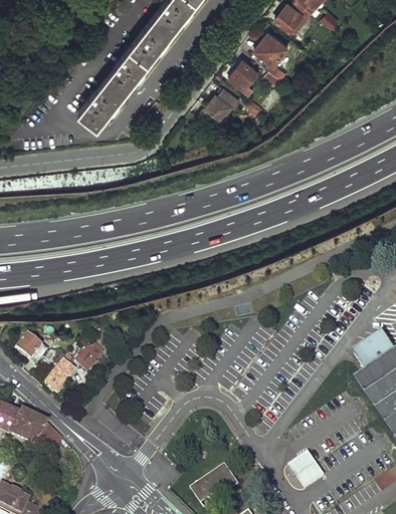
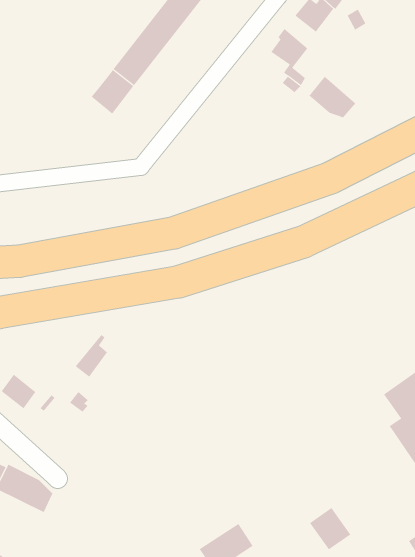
building: [228,59,257,90] -> none
building: none -> [308,76,356,118]
building: [205,86,239,118] -> none
building: [78,88,115,125] -> none
building: [45,352,74,391] -> [75,334,108,377]

